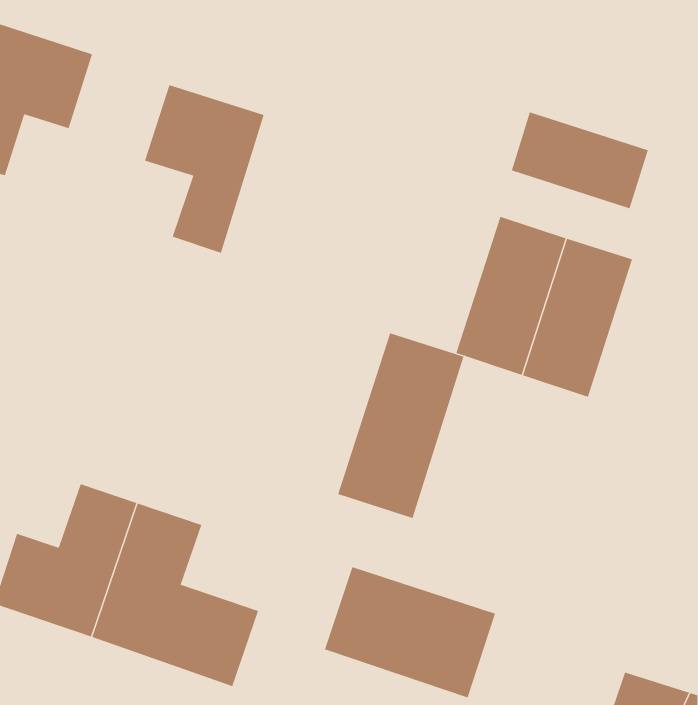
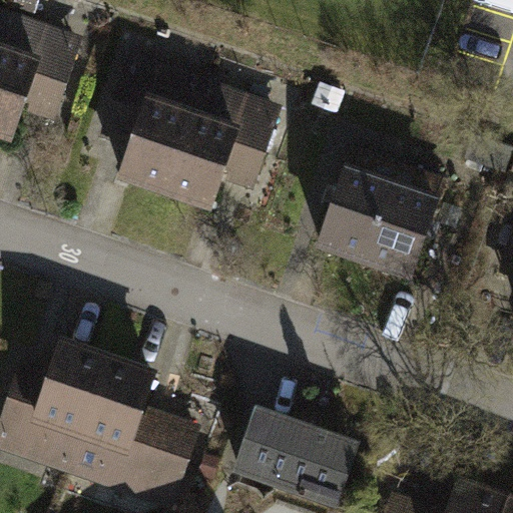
building: [511,111,648,209] -> none
building: none -> [160,85,264,197]
building: [337,333,464,519] -> none

